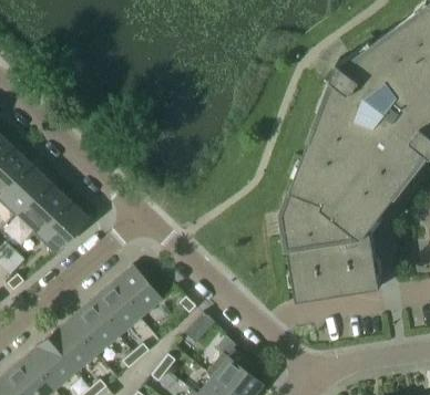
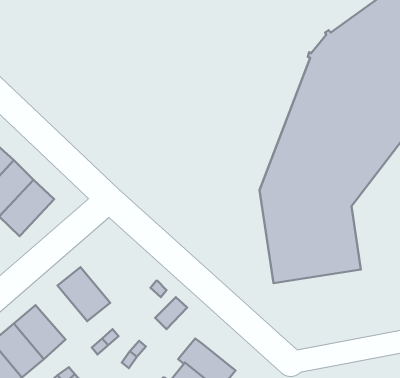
building: [112,266,162,319] -> none
building: [69,302,119,354] -> none

